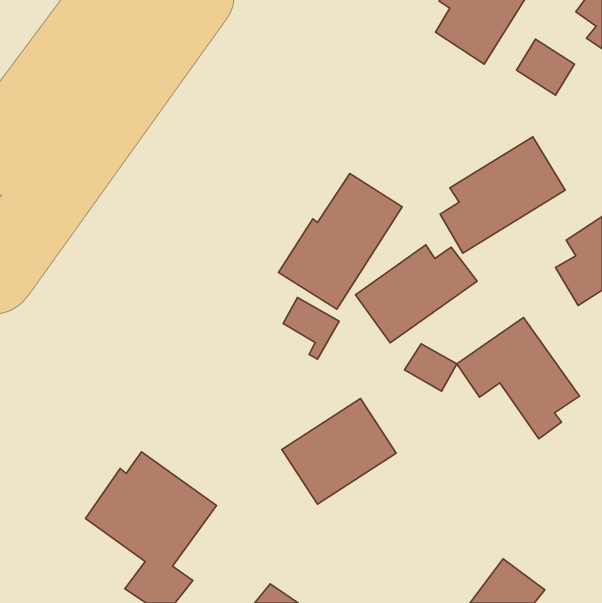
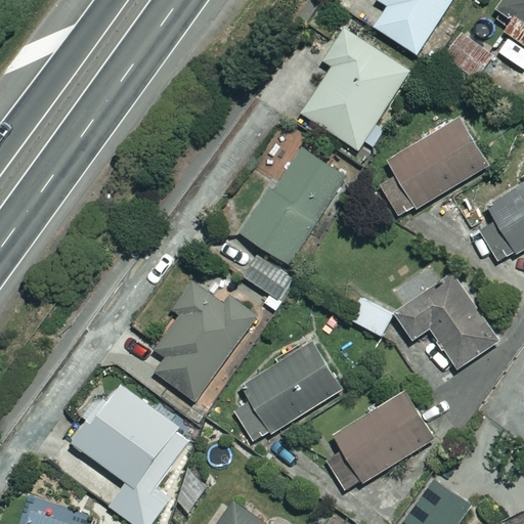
building: none -> [302,28,409,150]
building: [356,245,477,343] -> none
building: none -> [156,281,250,400]
building: none -> [324,390,433,492]

